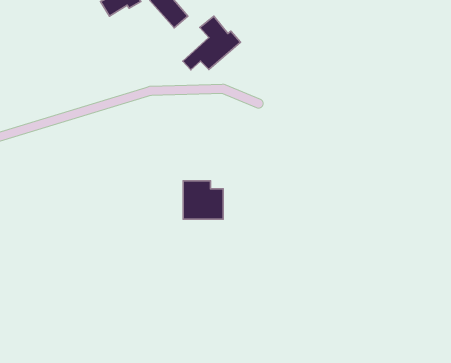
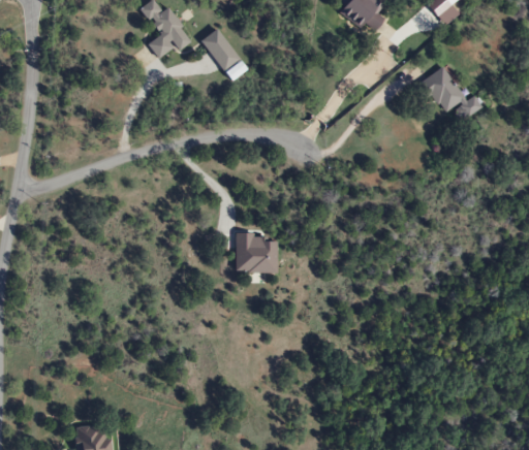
building: [183,16,240,70] -> none
building: none -> [423,66,480,118]

